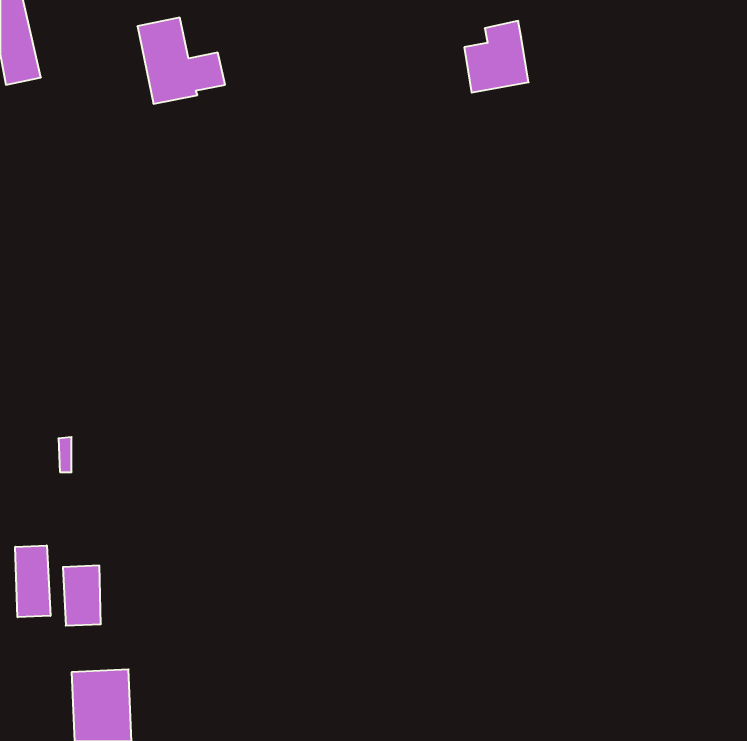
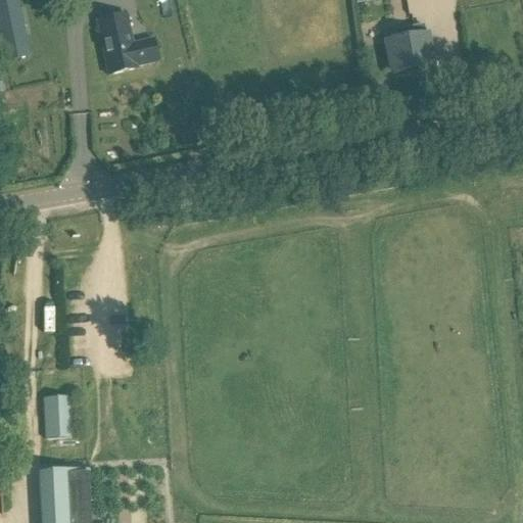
building: [464,21,529,93] -> [386,20,431,70]
building: [15,545,50,617] -> none

